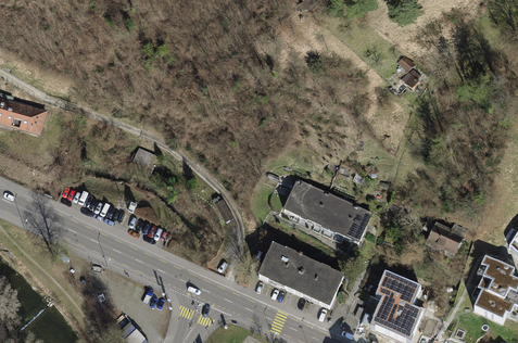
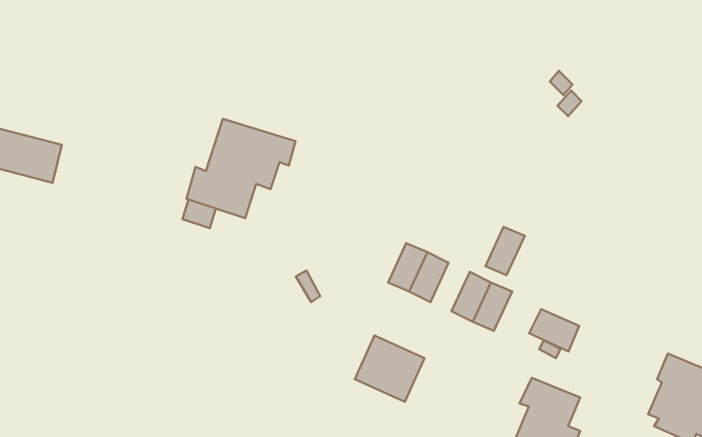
building: none -> [187,119,296,218]
building: [313,192,341,227] -> [485,227,525,275]
building: [425,226,460,256] -> [529,309,579,351]
building: [294,261,342,306] -> none

